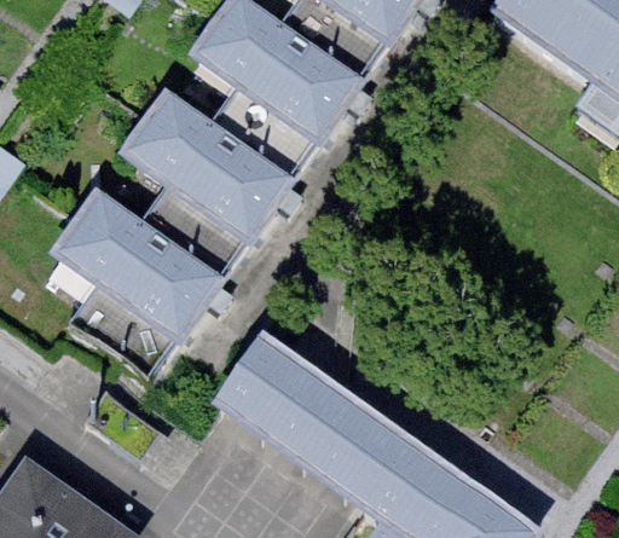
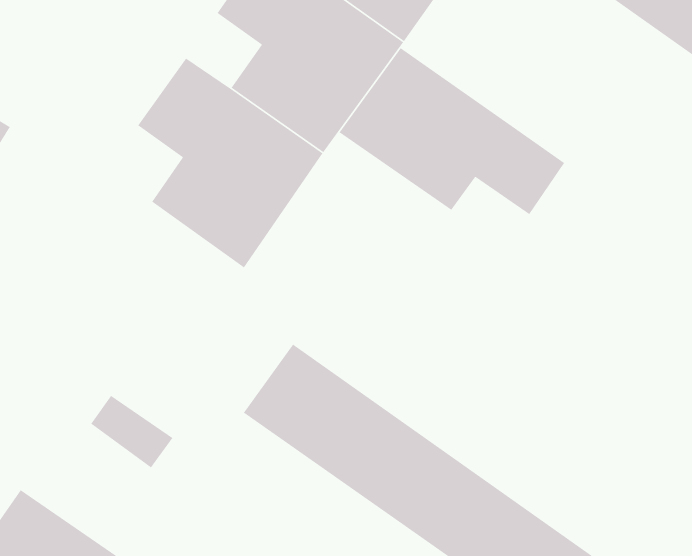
building: none -> [338,47,565,215]
building: [57,190,221,378] -> none

